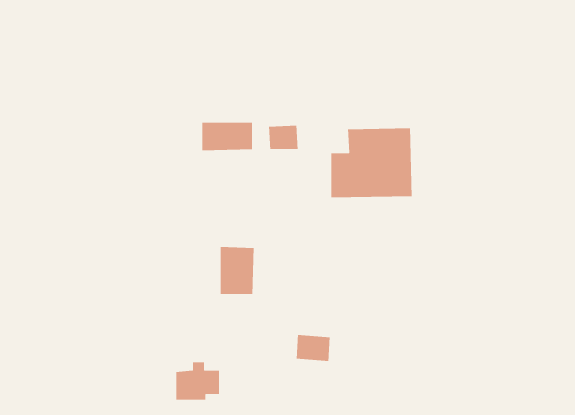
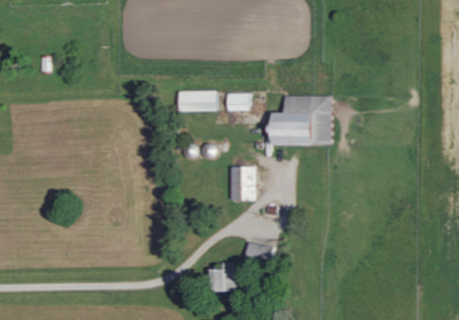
building: [220,246,255,295] -> [230,166,255,201]
building: [176,362,220,400] -> [210,263,242,291]

